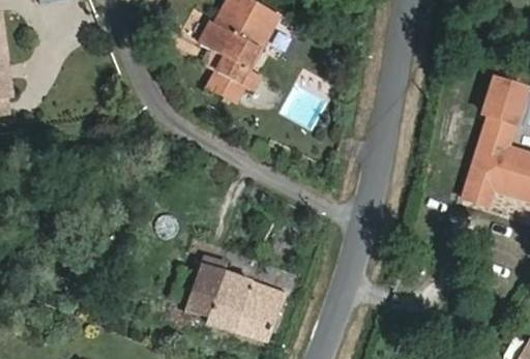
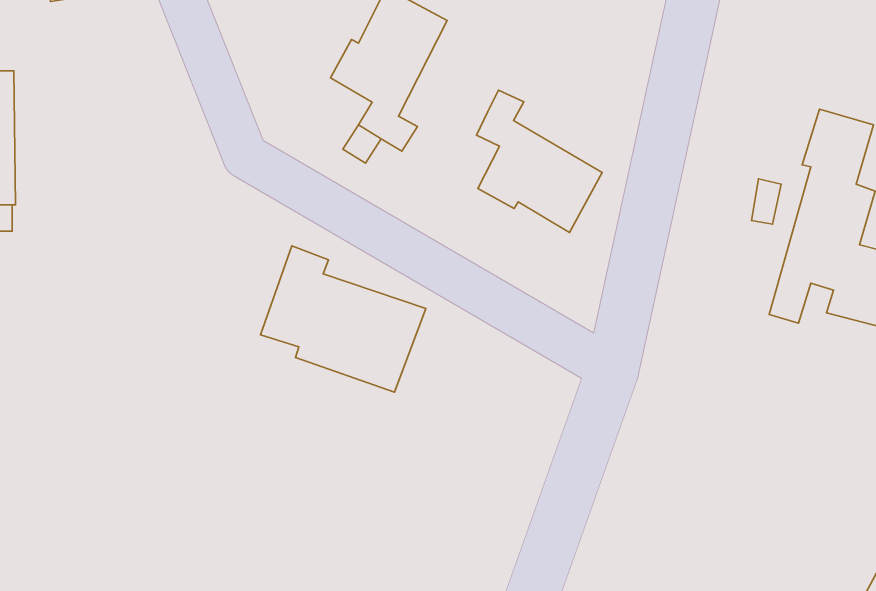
building: none -> [476,90,602,232]
building: [188,255,287,341] -> [261,246,426,392]

